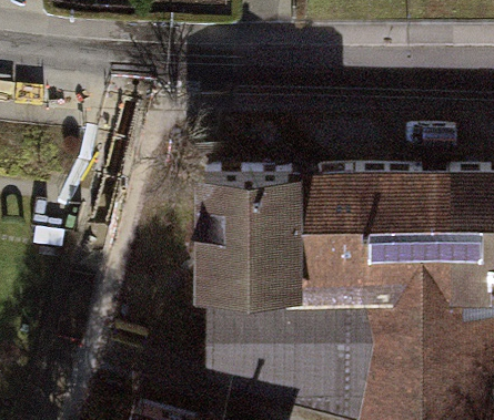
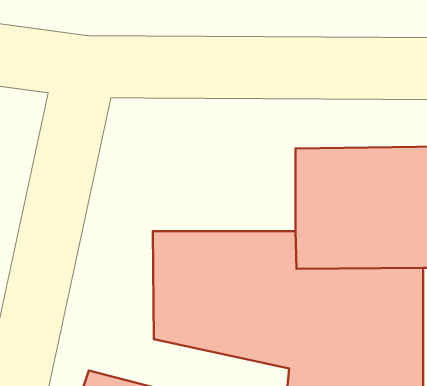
building: [195,161,346,252] -> none

